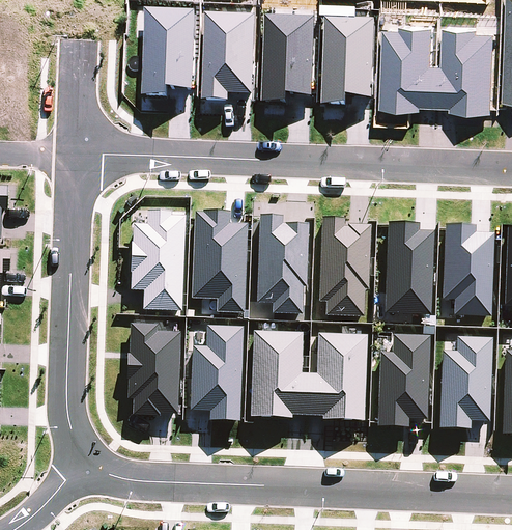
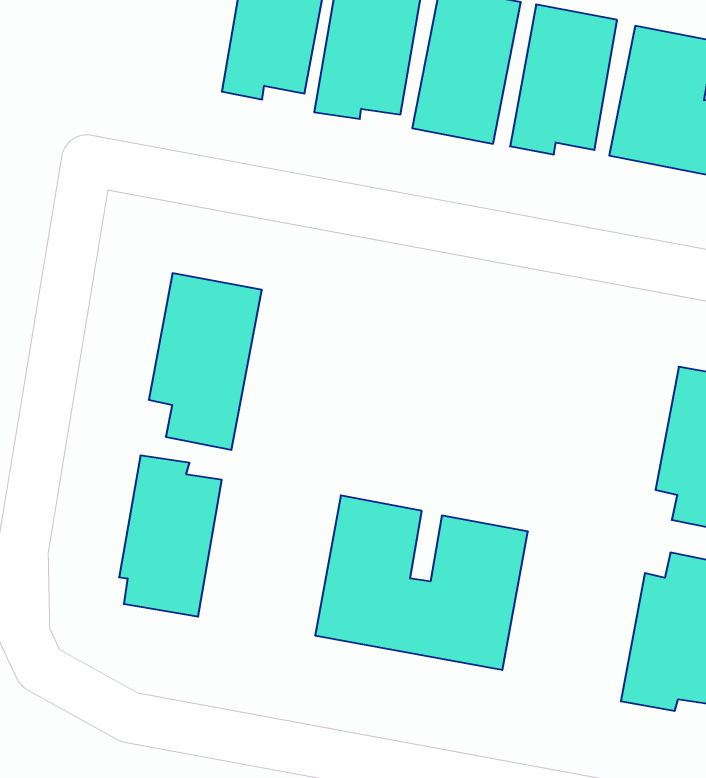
building: [190,210,247,312] -> none
building: [253,213,309,314] -> none
building: [316,216,370,316] -> none
building: [383,221,433,314] -> none
building: [189,325,243,420] -> none
building: [376,333,429,425] -> none

